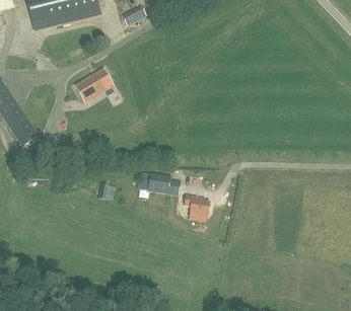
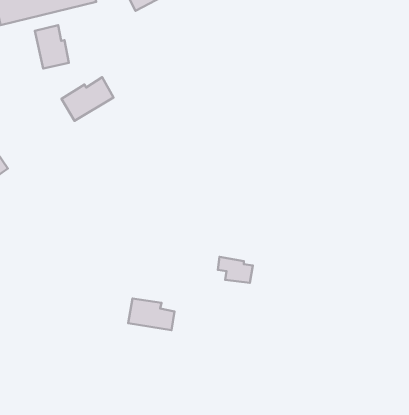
building: none -> [35,25,69,69]
building: [147,171,180,193] -> [128,298,175,330]

